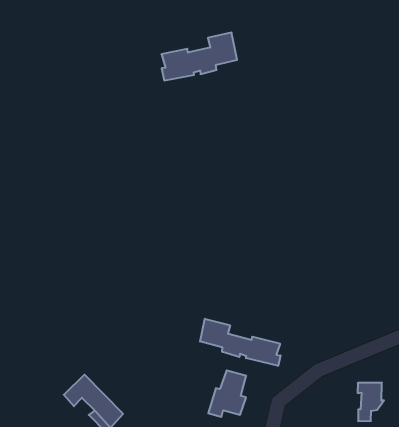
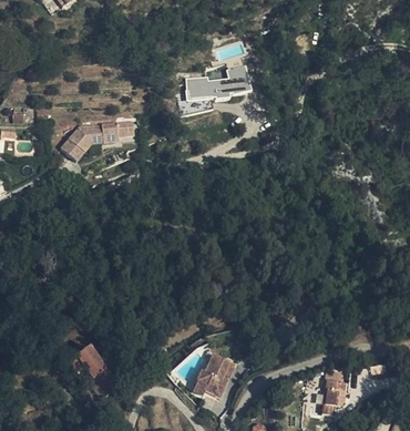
building: none -> [60,116,129,162]
building: [200,319,280,366] -> none

